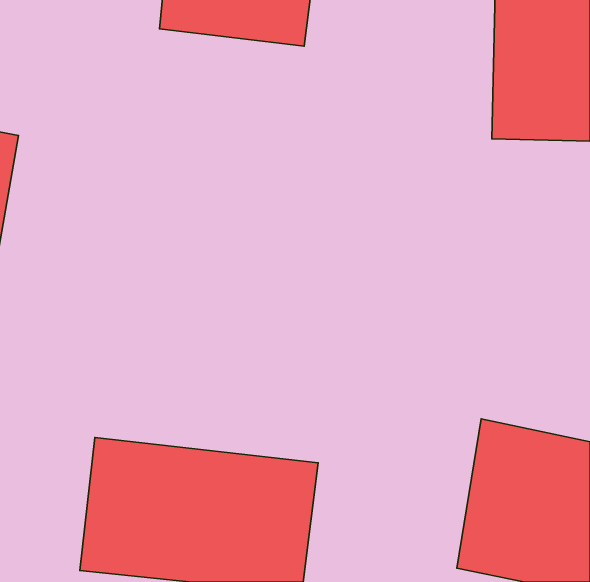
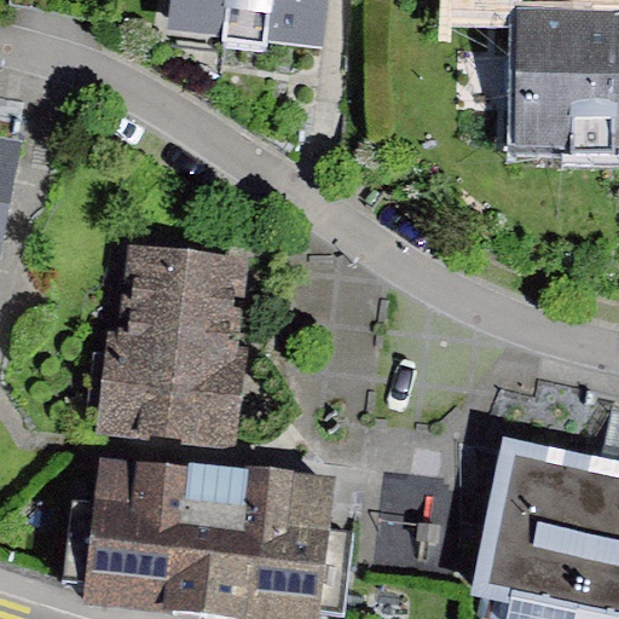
building: none -> [99,247,250,452]

